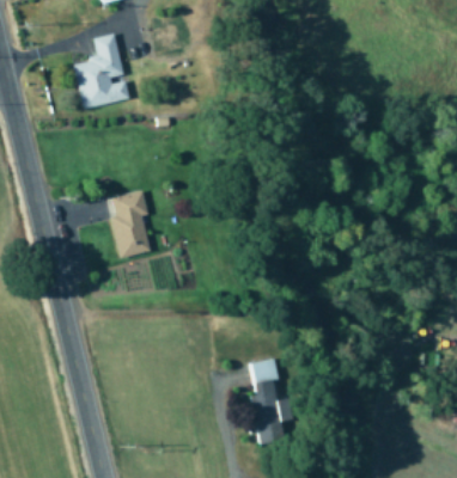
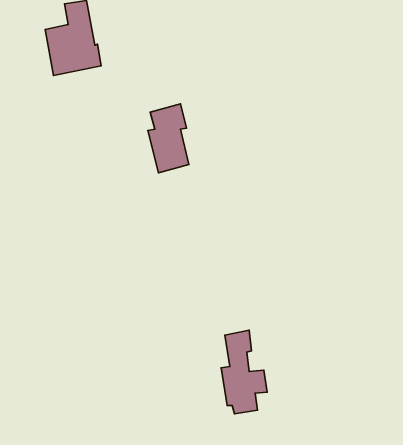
building: [110,190,151,258] -> [148,104,189,173]

